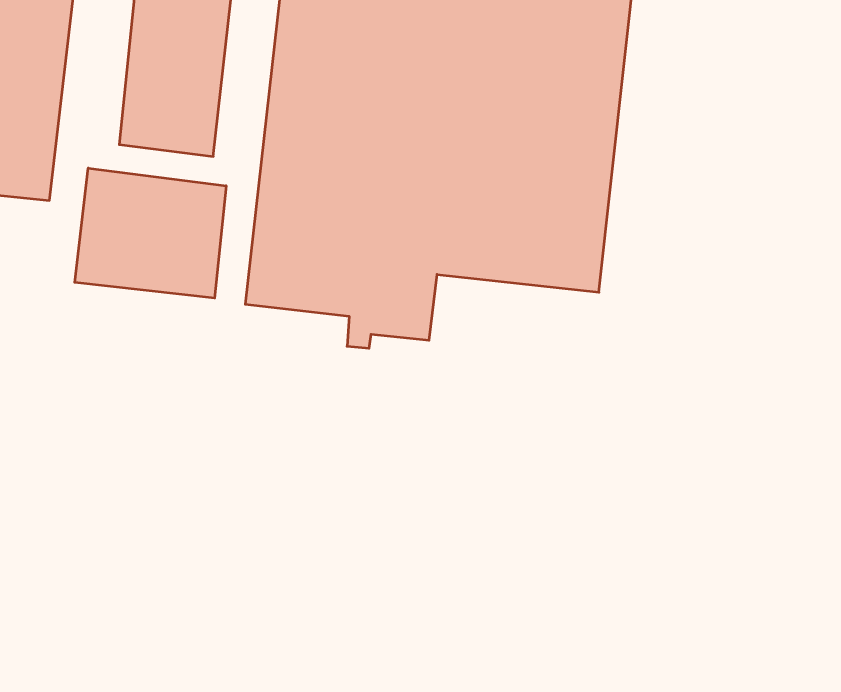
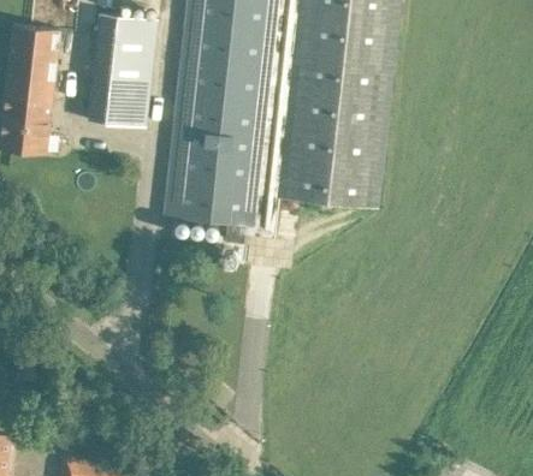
building: [75,168,226,298] -> none

